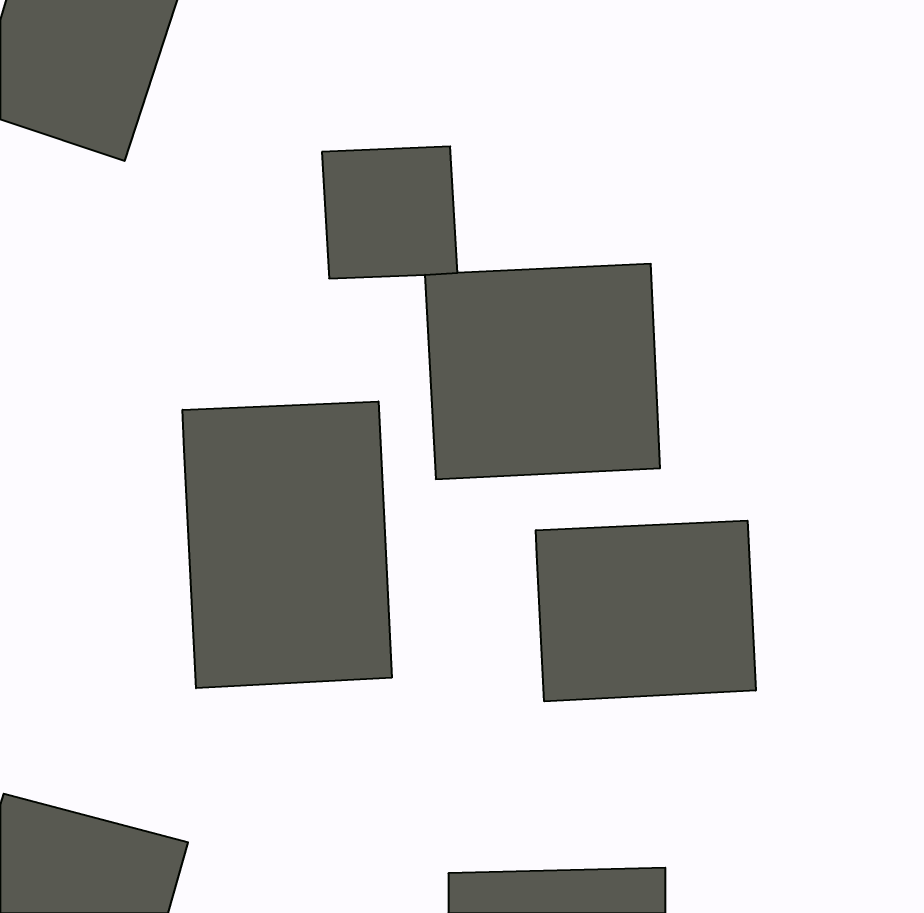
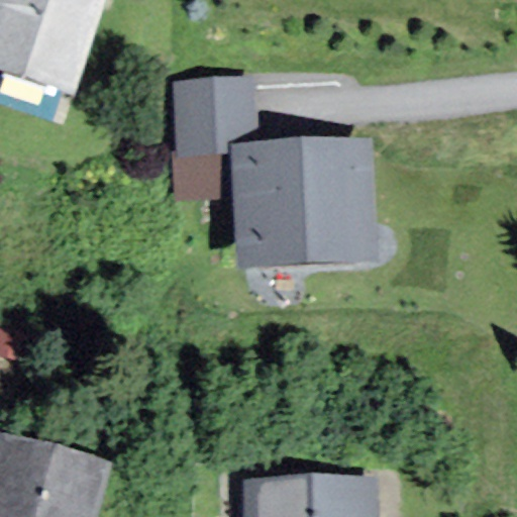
building: [183,401,392,688] -> none
building: [536,521,756,701] -> none

